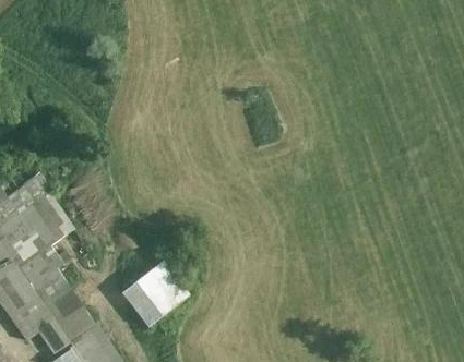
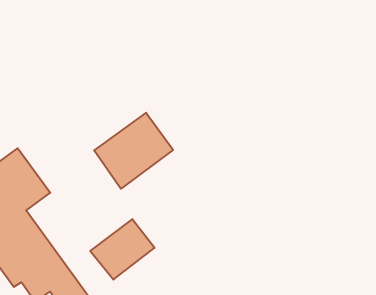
building: none -> [94,113,173,189]

